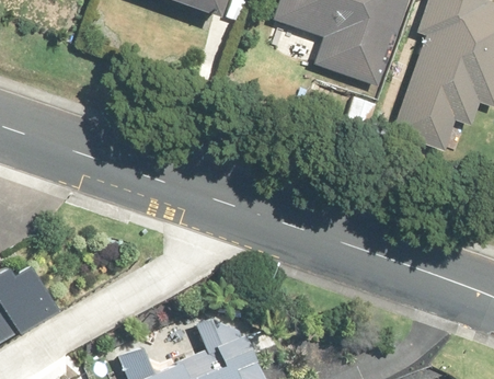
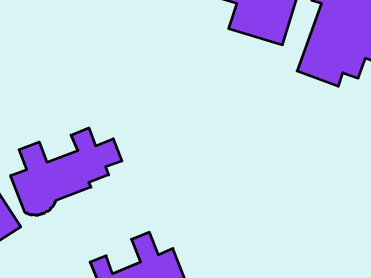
building: none -> [11,128,122,215]

